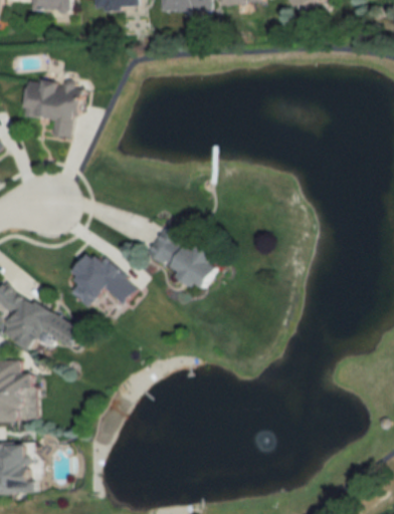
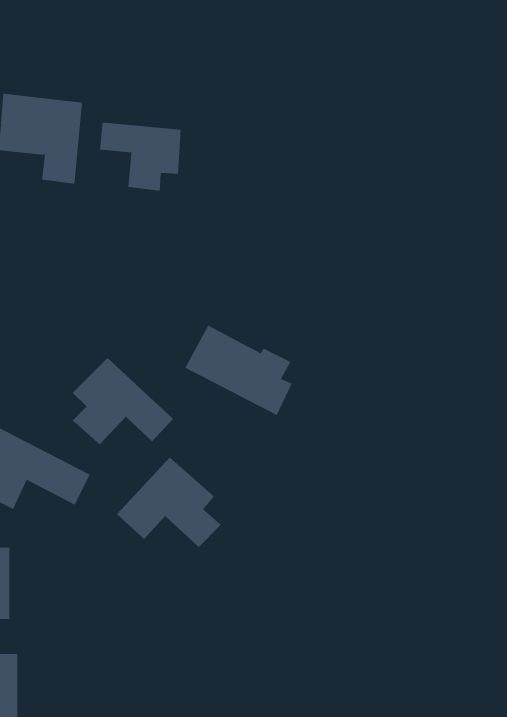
building: none -> [99,122,181,191]
building: none -> [116,457,221,548]

